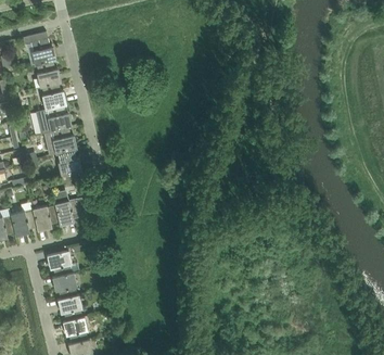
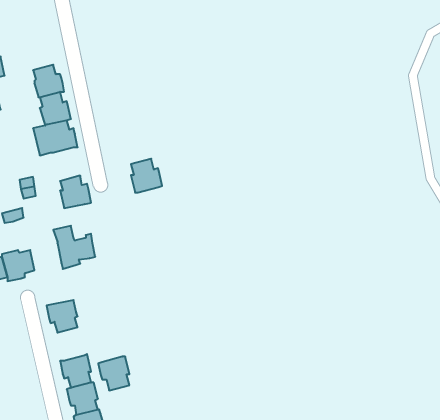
building: [23,33,56,66] -> none
building: [52,128,77,155] -> [131,159,162,193]
building: [33,205,59,230] -> none
building: [52,272,77,300] -> [98,357,129,390]

